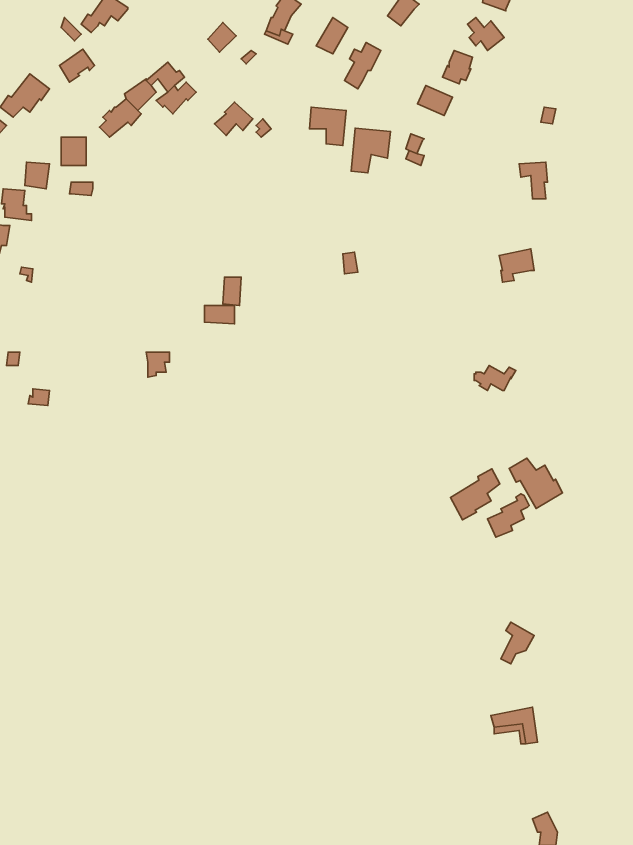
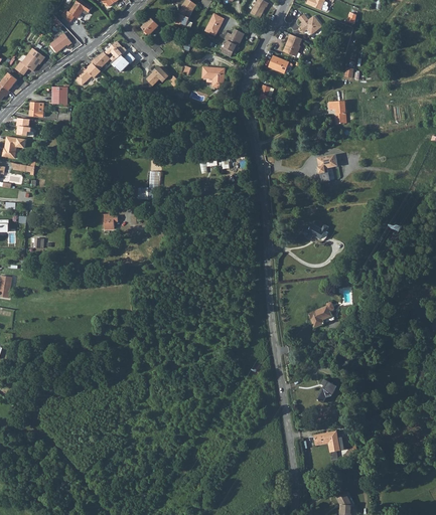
building: [351,128,390,173] -> none
building: [509,458,563,508] -> none
building: [450,469,500,520] -> none

